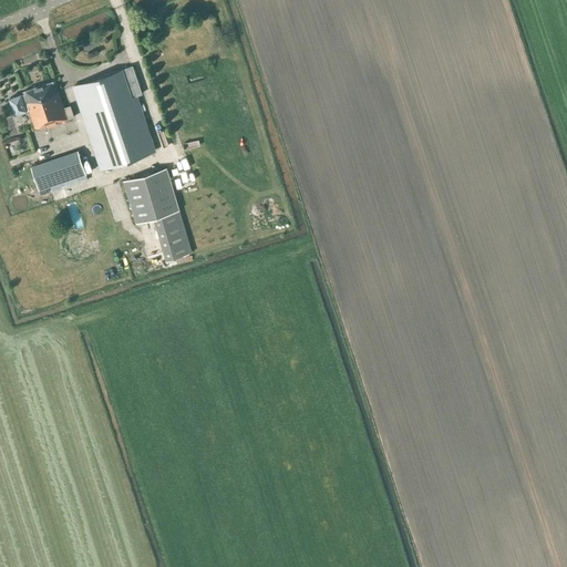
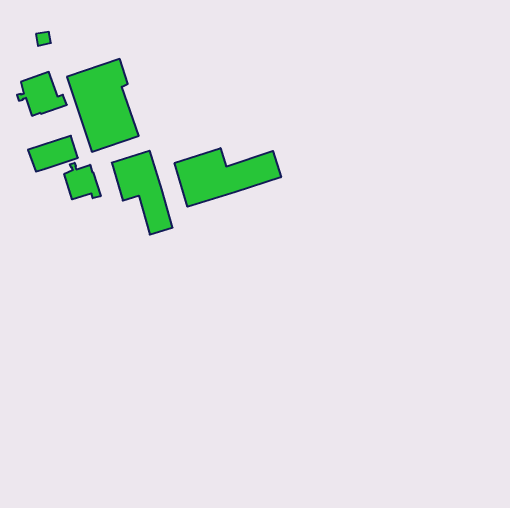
building: none -> [175,148,281,207]
building: none -> [64,163,101,199]

